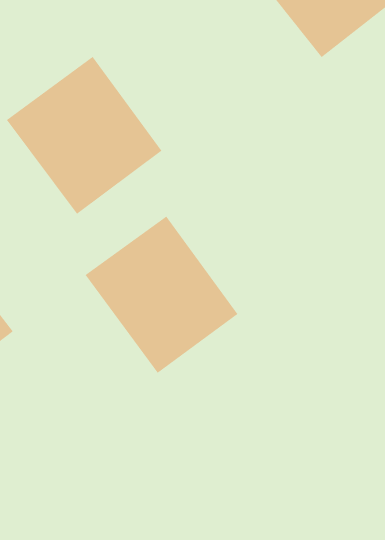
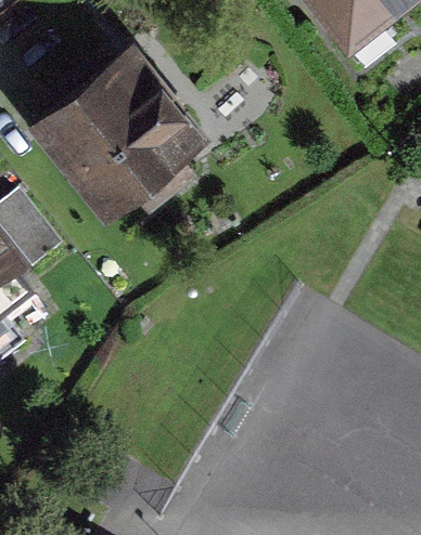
building: [84,216,238,374] -> none

